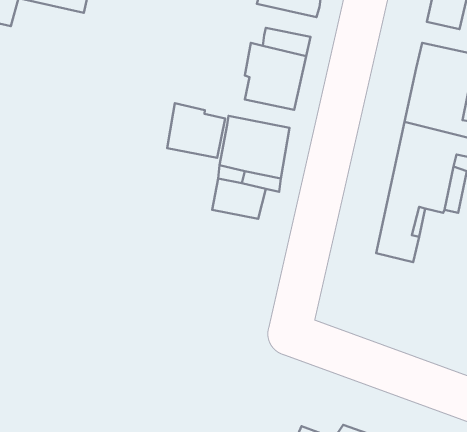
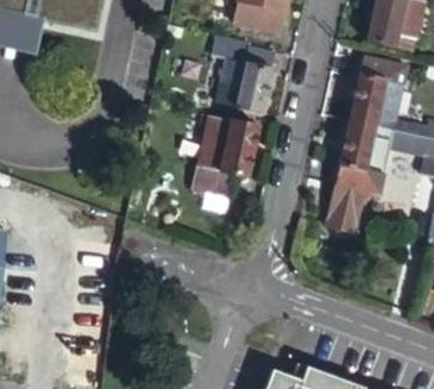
building: [167,103,225,158] -> none

